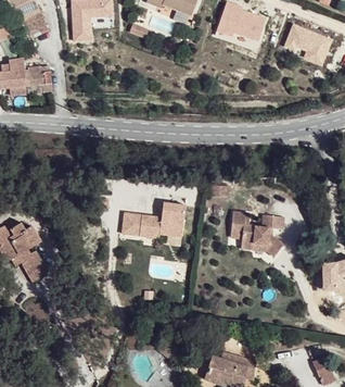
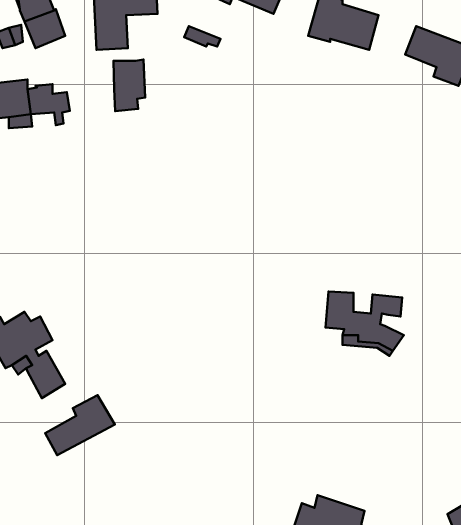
building: none -> [114,59,145,111]
building: [119,201,182,236] -> none
building: none -> [45,395,115,455]

